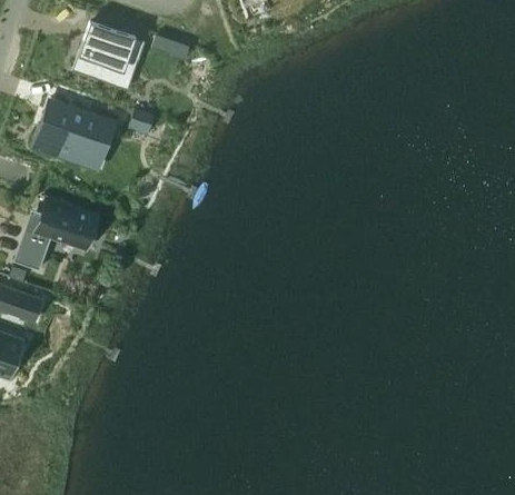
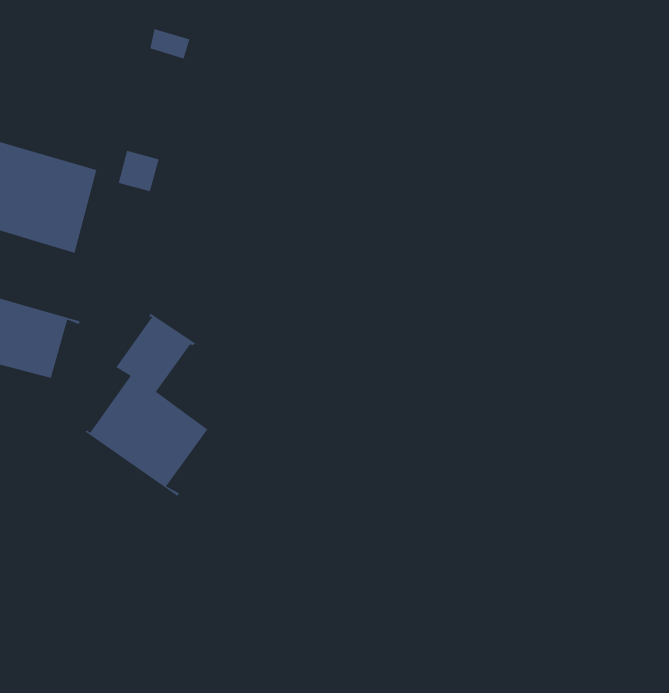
building: [77,22,146,83] -> none
building: none -> [85,313,208,497]

